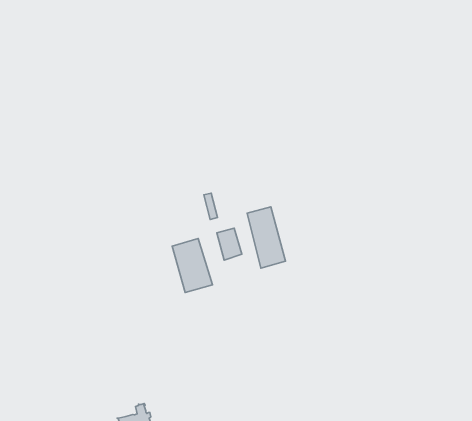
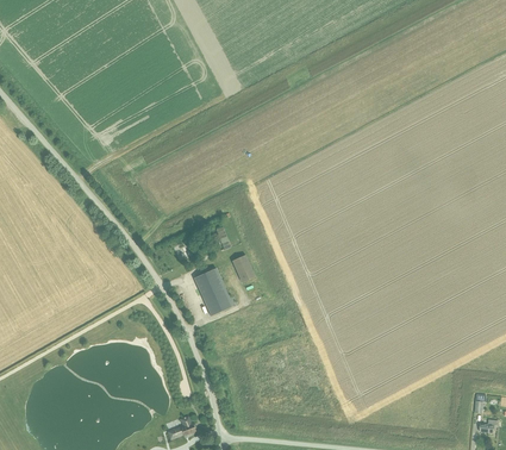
building: [247,207,286,268] -> none

